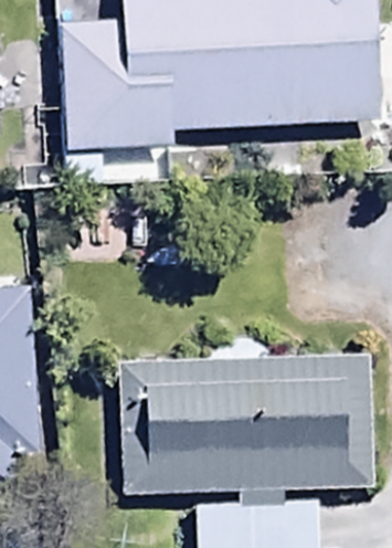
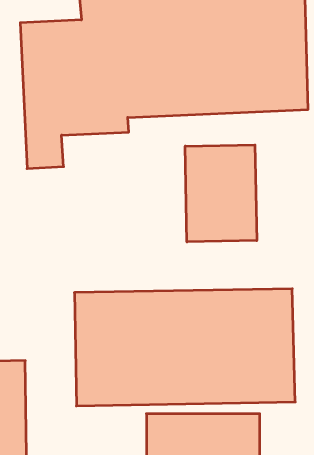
building: none -> [185,145,257,242]

